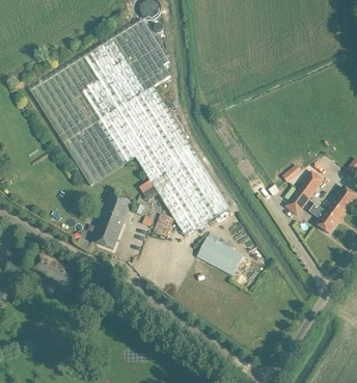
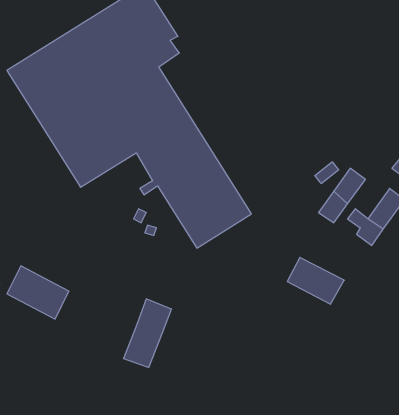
building: [92,193,132,249] -> [123,299,172,367]
building: [197,237,244,275] -> [287,257,344,304]

